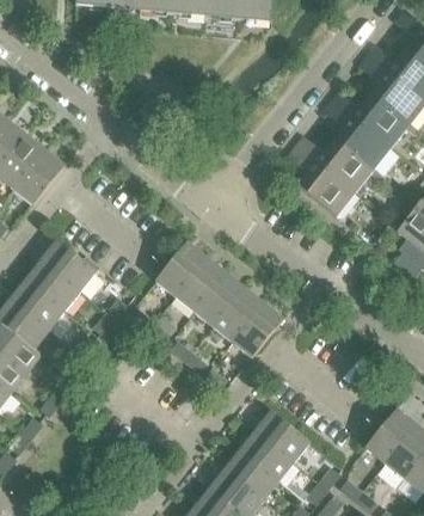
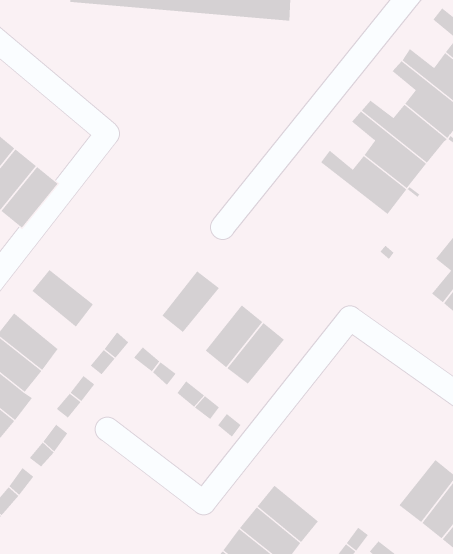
building: [287,146,355,216] -> none
building: [174,257,226,312] -> none
building: [25,259,80,311] -> none
building: [232,302,283,357] -> none
building: [254,411,309,462] -> none

